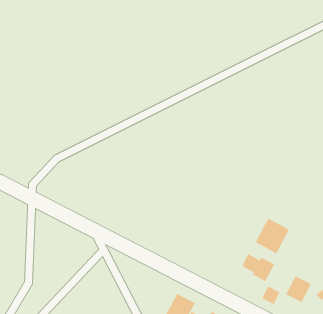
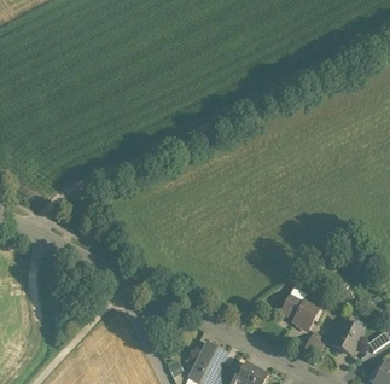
building: [255,218,289,254] -> none

